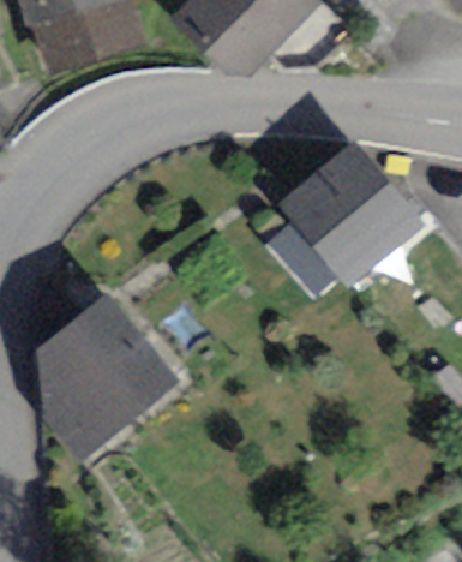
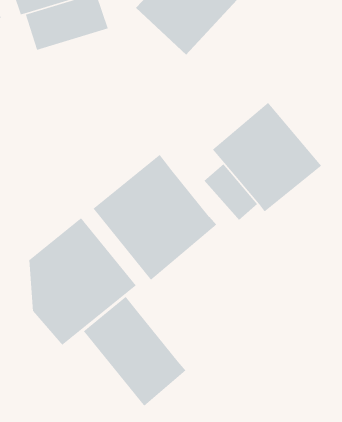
building: none -> [92,154,217,281]
building: none -> [83,296,186,407]

